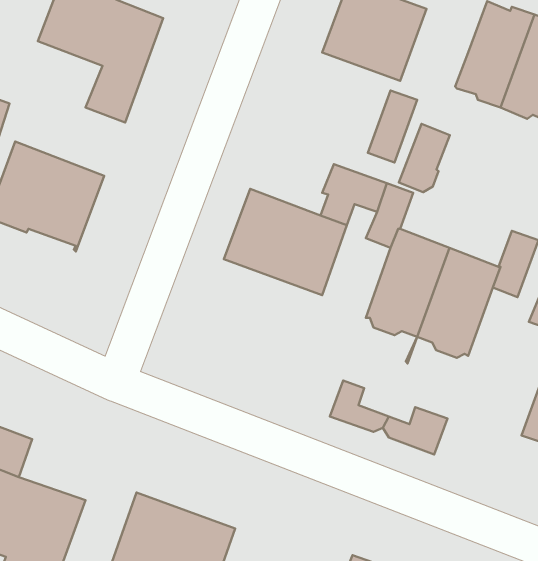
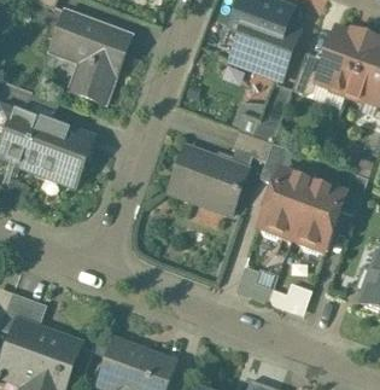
building: [399,124,450,192] -> [291,51,323,94]

